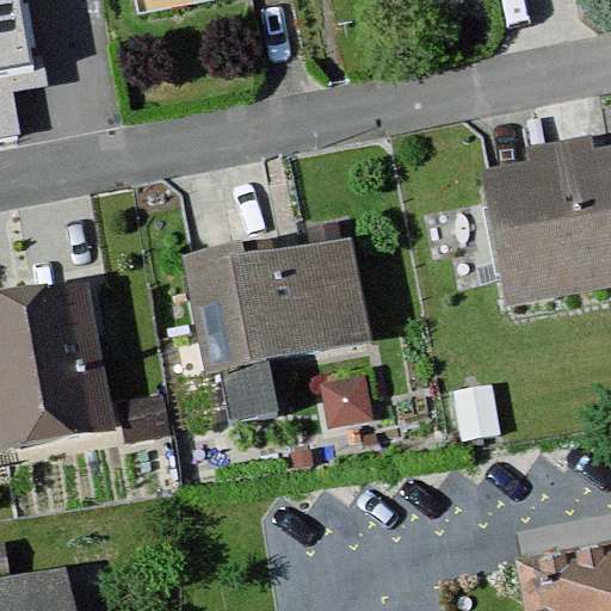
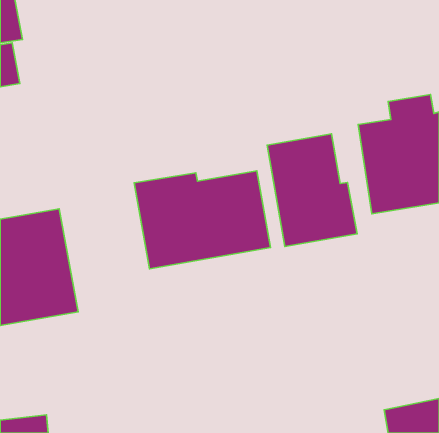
building: none -> [267,134,357,247]

